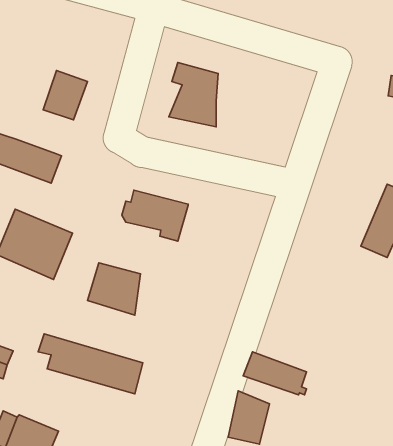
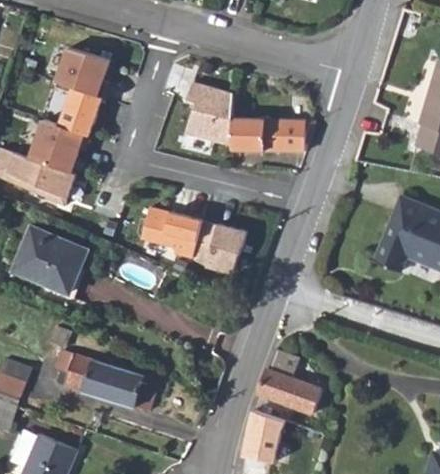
building: none -> [56,46,110,99]
building: none -> [231,118,305,152]
building: none -> [31,121,89,171]
building: none -> [193,222,246,274]
building: [88,263,141,315] -> none

